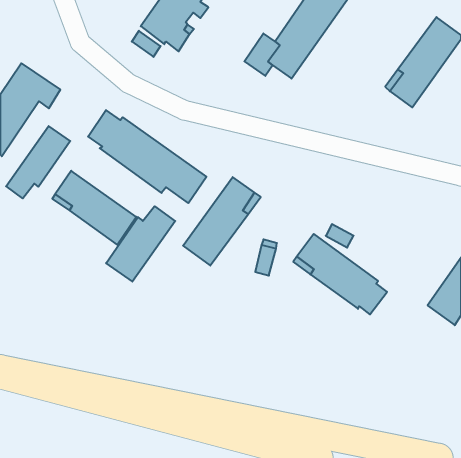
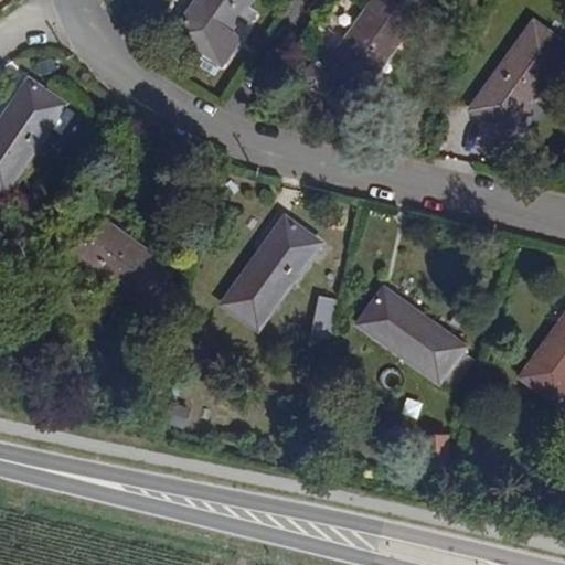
building: [88,110,206,203] -> none
building: [6,126,70,198] -> none
building: [106,206,175,282] -> none

